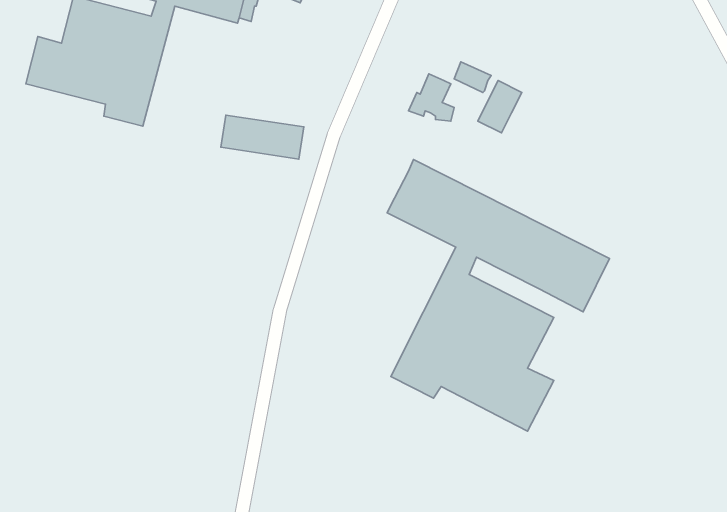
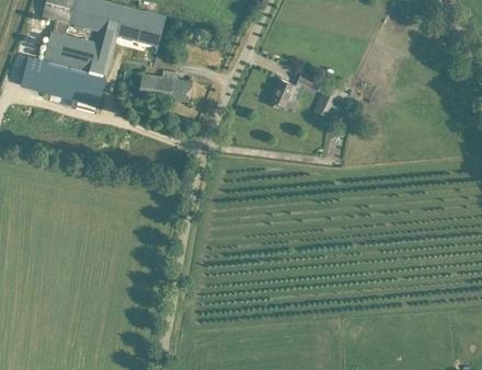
building: [221,115,304,159] -> [138,73,192,102]
building: [387,160,609,431] -> none

